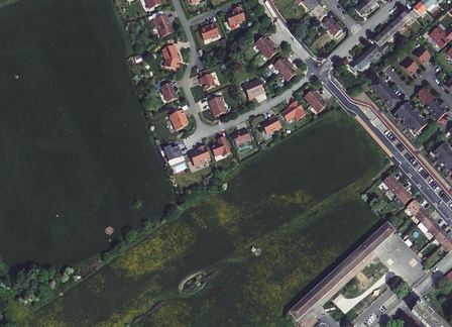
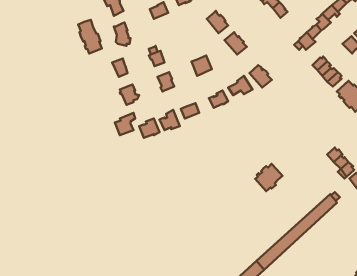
building: none -> [78,20,102,53]
building: none -> [255,164,283,191]

